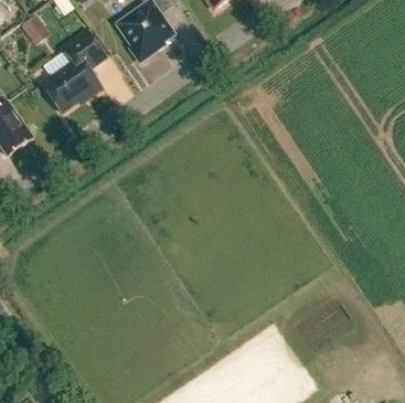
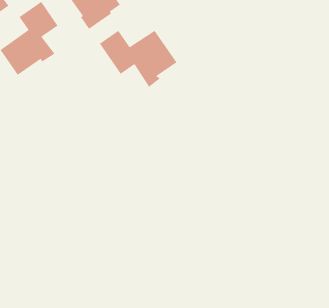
building: none -> [99,30,178,88]

